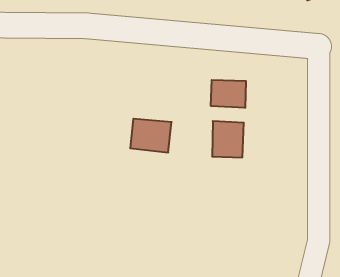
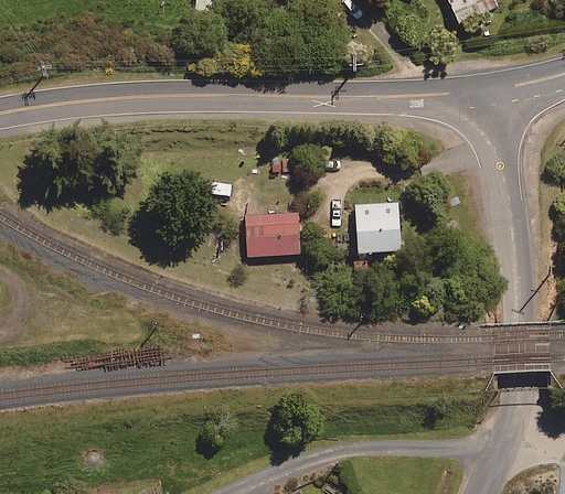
building: [211,80,246,108] -> none

